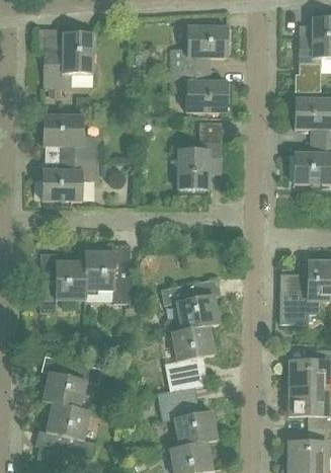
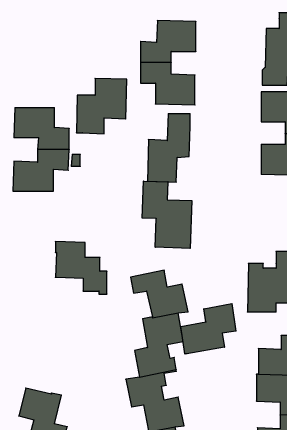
building: [43,31,94,88] -> [76,78,127,134]
building: none -> [142,181,192,248]
building: [39,261,85,311] -> none
building: none -> [181,304,236,354]
building: [44,360,102,407] -> none

